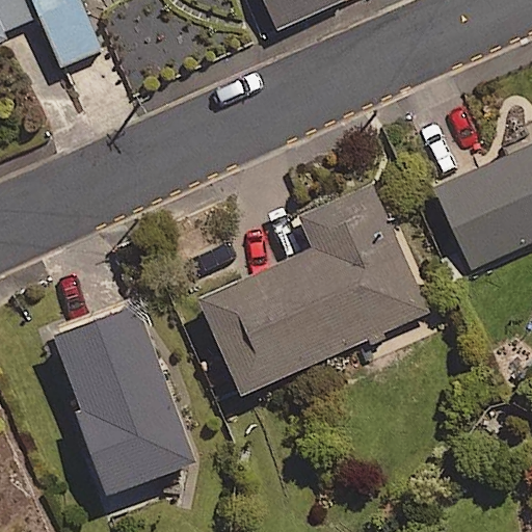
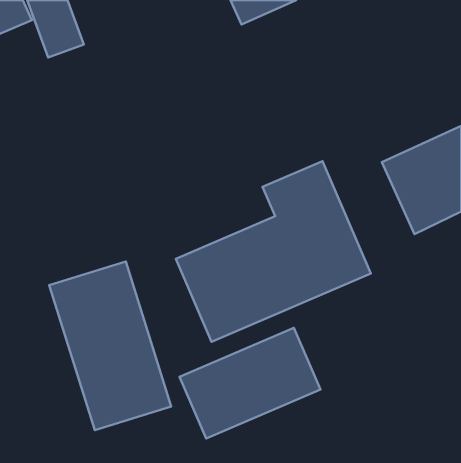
building: none -> [179,328,320,439]

